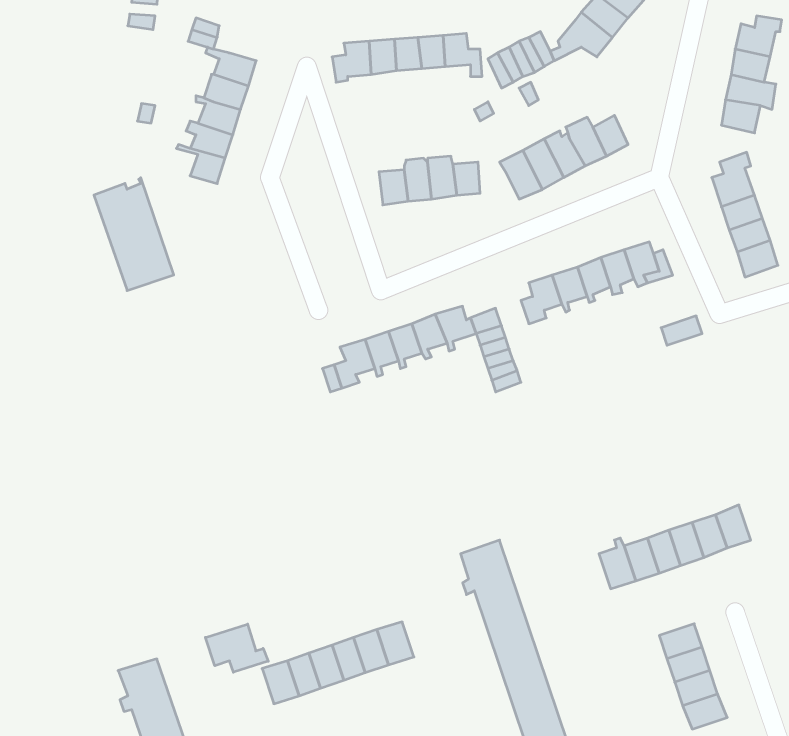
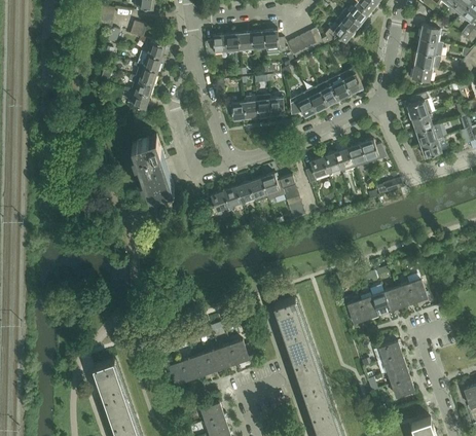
building: [94,178,174,291] -> [132,135,174,194]
building: [205,624,268,672] -> none

